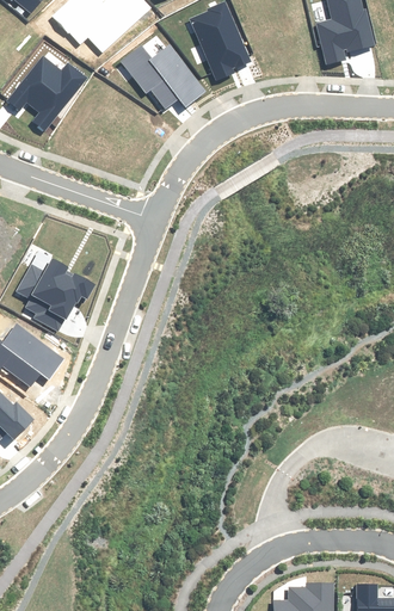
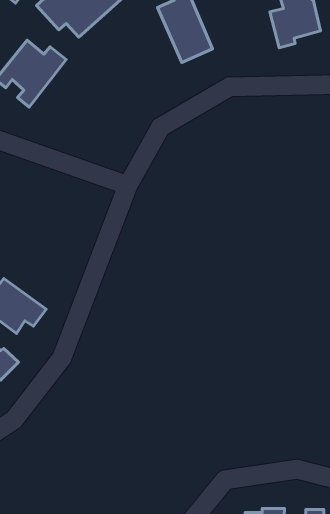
building: [121,45,204,107] -> none
building: [17,259,94,331] -> none

